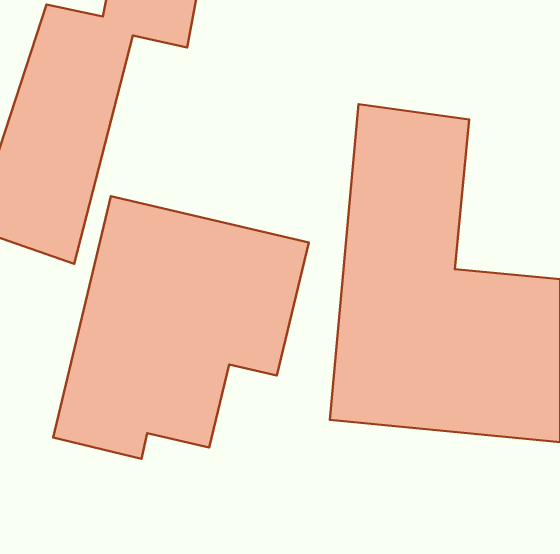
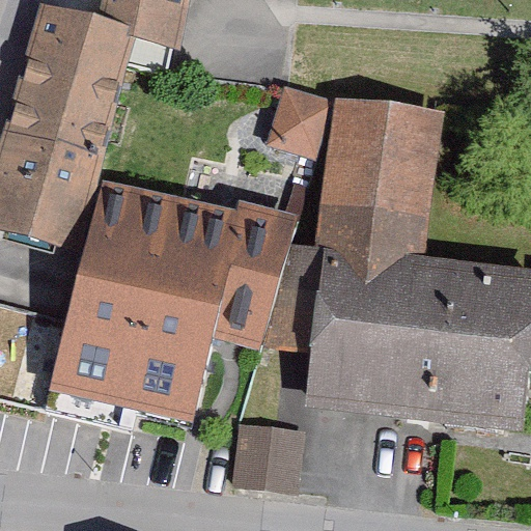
building: none -> [258,78,318,164]
building: none -> [231,424,297,487]

